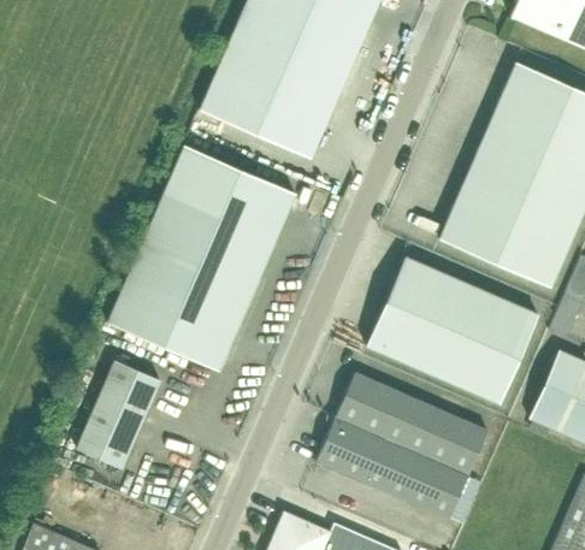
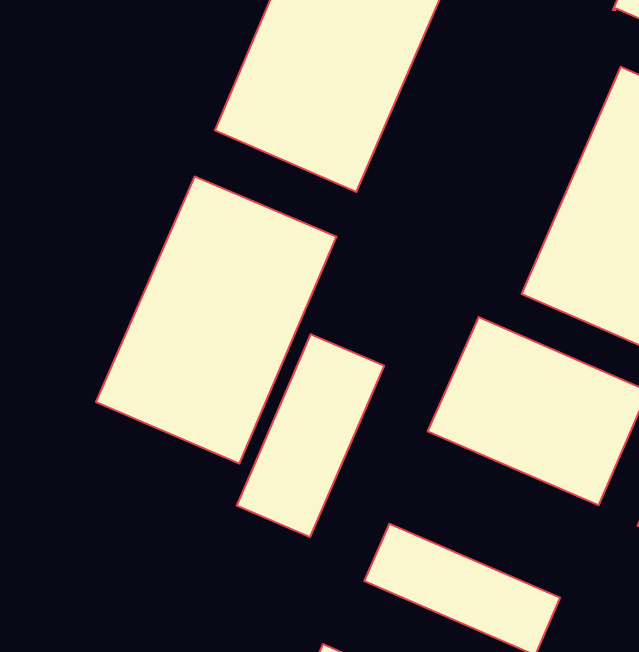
building: none -> [237,334,384,537]
building: [77,361,160,469] -> none
building: [336,373,489,475] -> none

